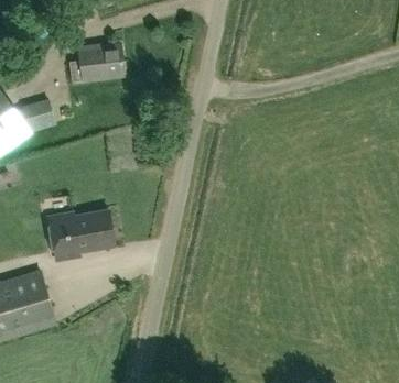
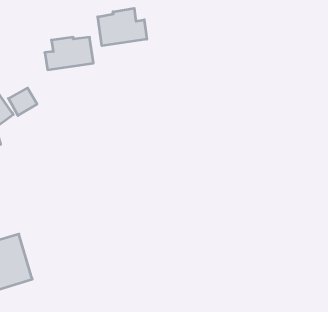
building: none -> [98,8,147,46]
building: [47,211,114,260] -> none

